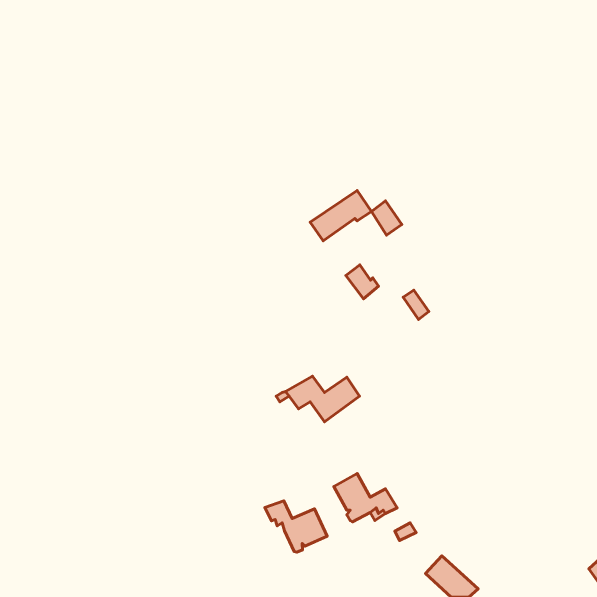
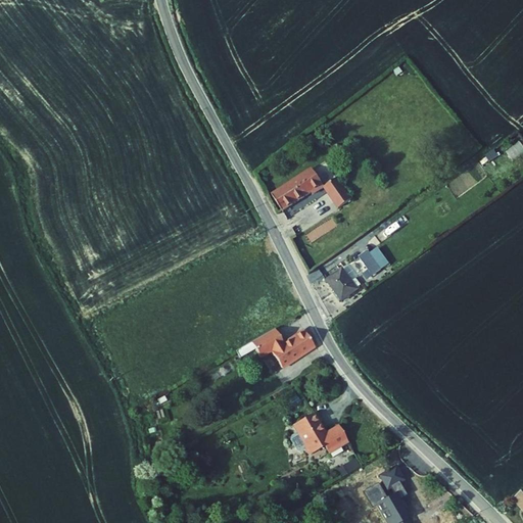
building: [346,265,379,299] -> [325,270,353,299]
building: [265,501,327,552] -> none

